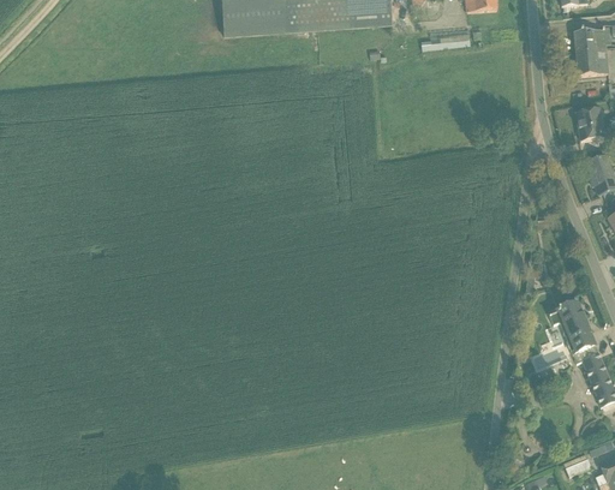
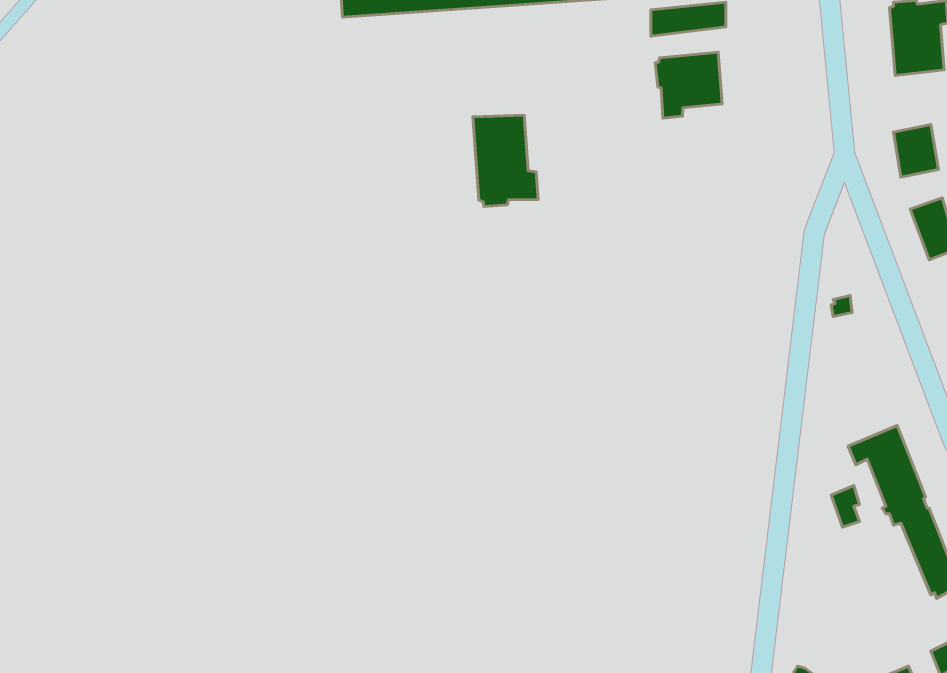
building: none -> [655,52,722,118]
building: none -> [473,115,538,206]

